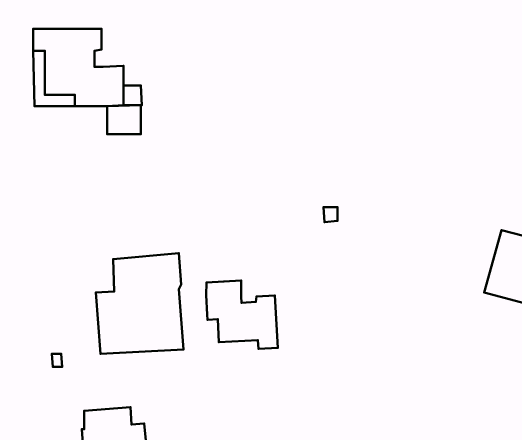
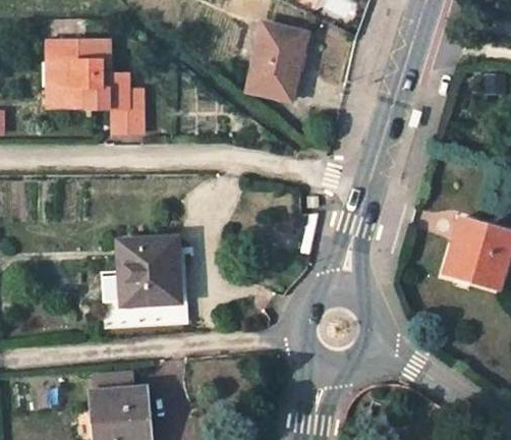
building: none -> [248,22,305,98]
building: [206,281,278,349] -> none

